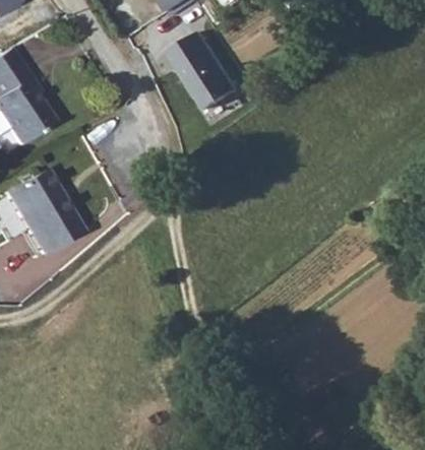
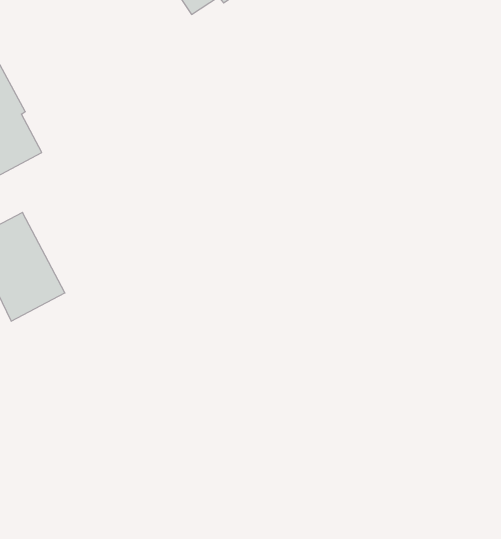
building: [172,36,242,113] -> none

